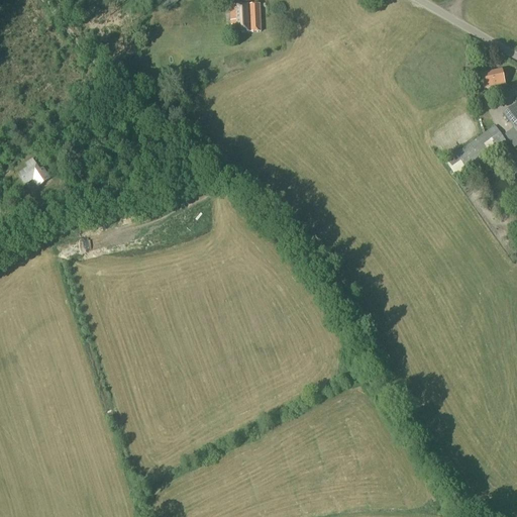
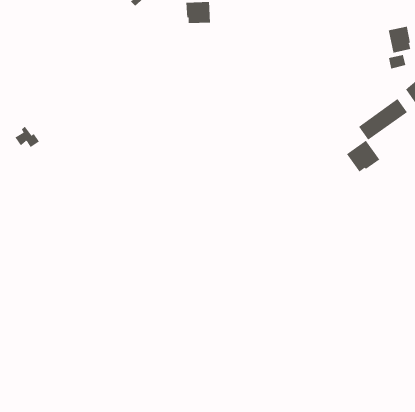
building: none -> [388,26,411,53]
building: none -> [346,140,380,172]

